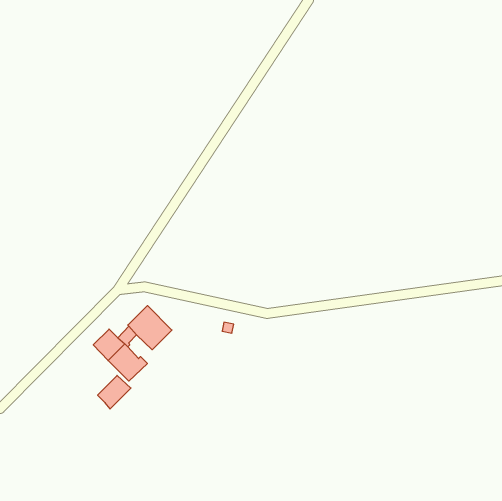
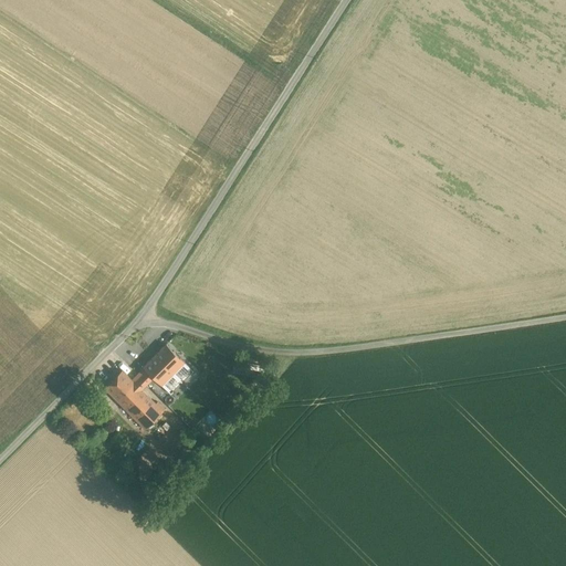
building: [98,375,131,409] -> none

